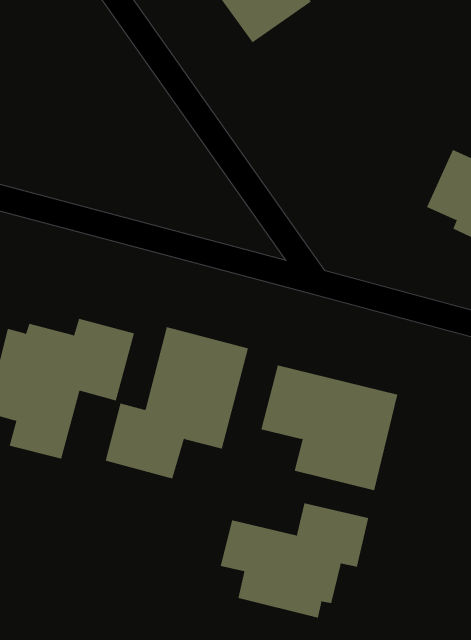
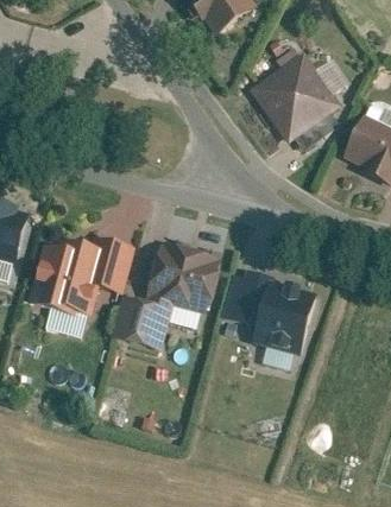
building: none -> [252,52,341,141]
building: [220,502,369,618] -> none

